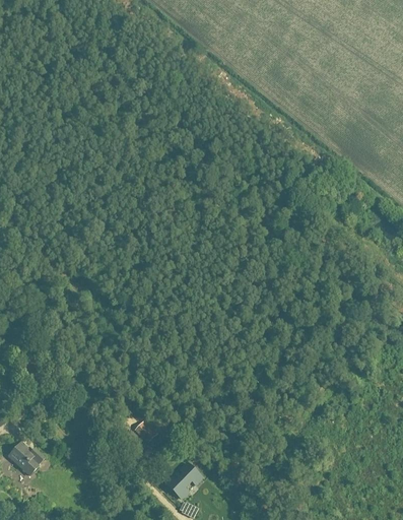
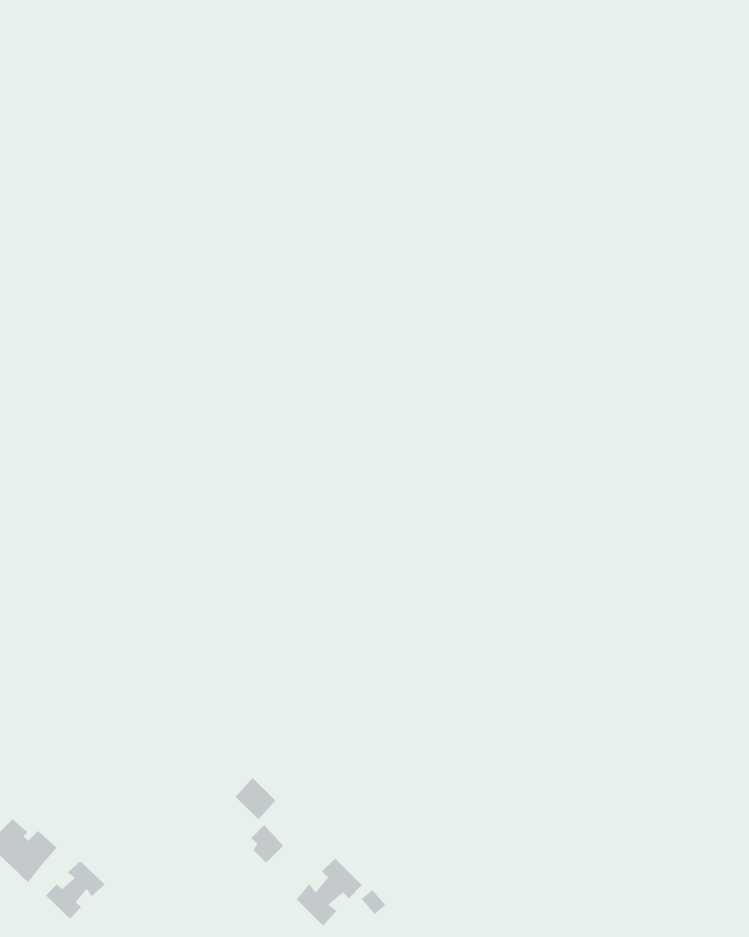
building: none -> [45,861,105,919]

